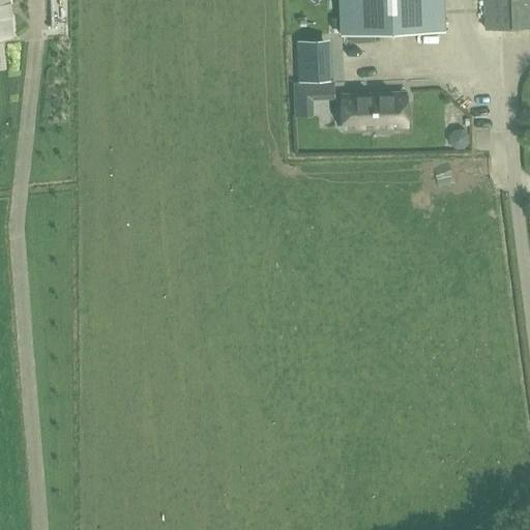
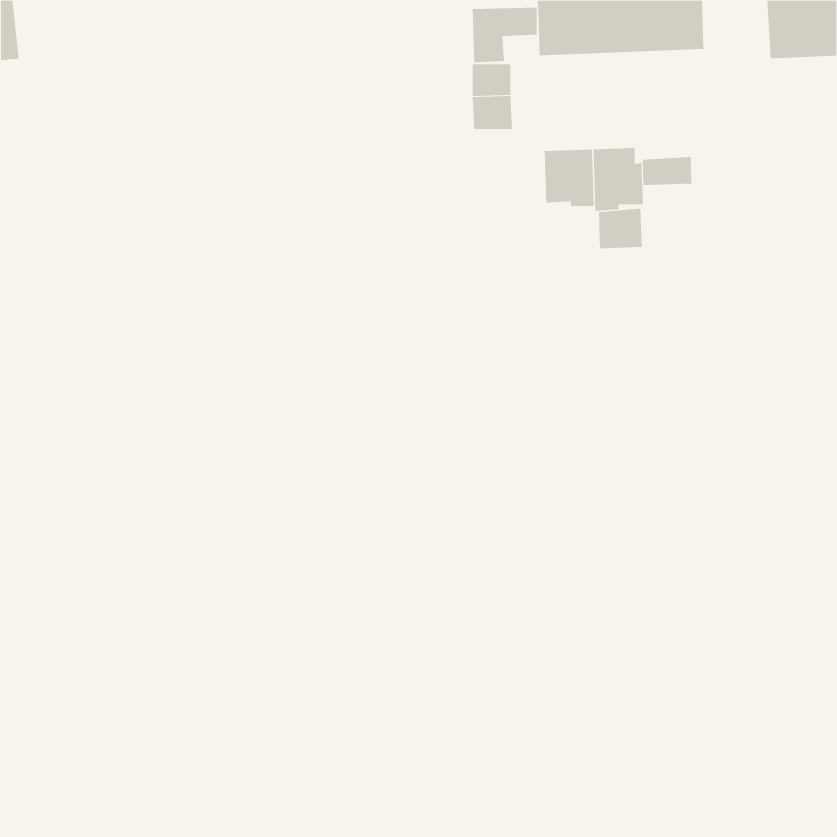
building: [293,82,334,117] -> [472,7,537,63]
building: none -> [642,156,692,186]
building: none -> [598,208,642,249]

